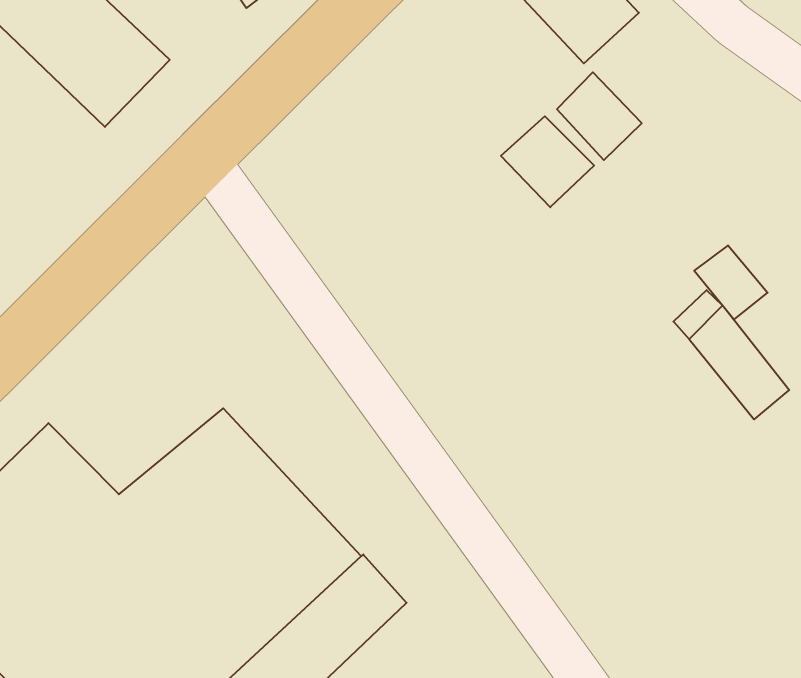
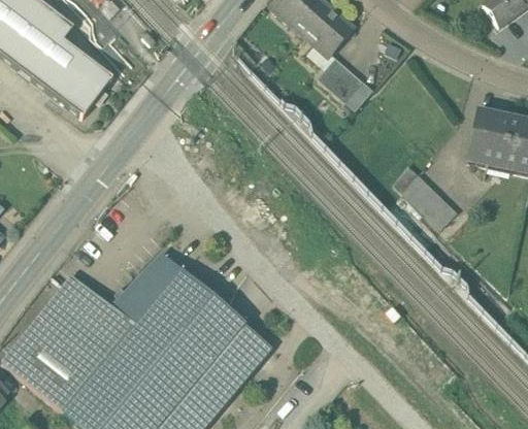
building: [501,116,594,207] -> none
building: [694,245,768,320] -> none

